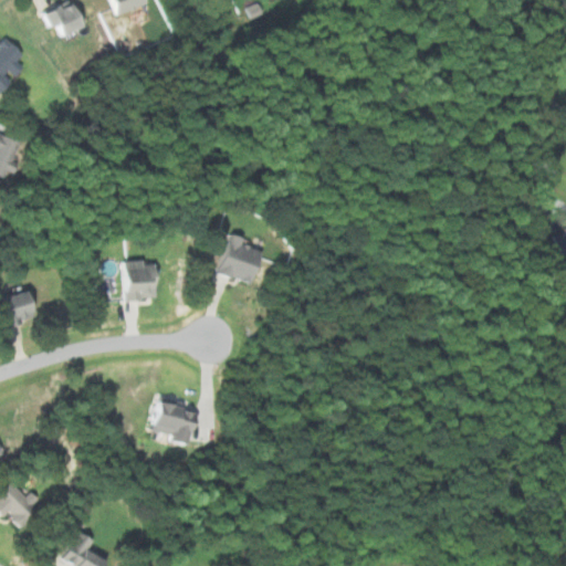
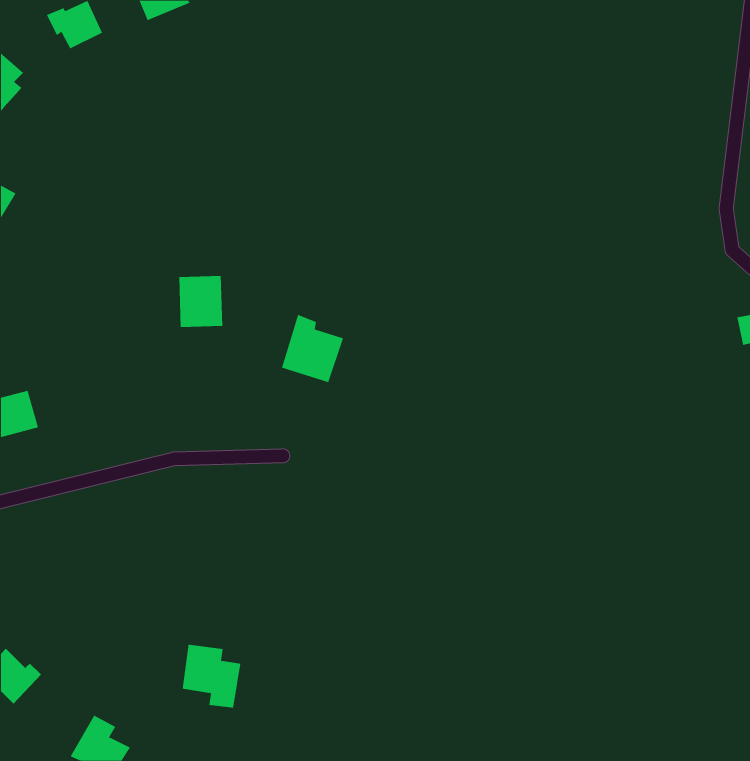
building: [120,261,154,300] -> [178,275,223,328]
building: [149,398,193,446] -> [182,644,241,708]

